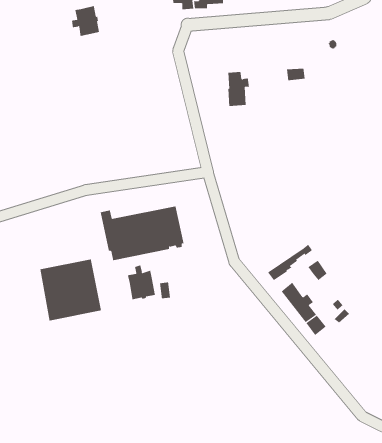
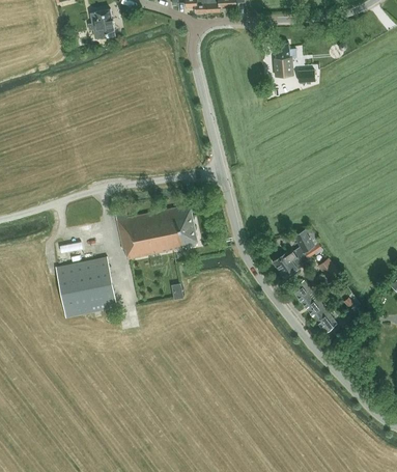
building: [227,71,250,106] -> [275,41,296,76]
building: none -> [274,229,314,270]
building: [127,265,155,300] -> none

